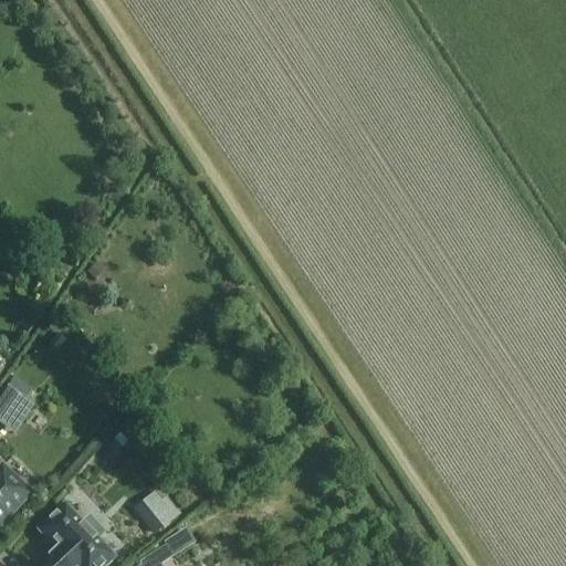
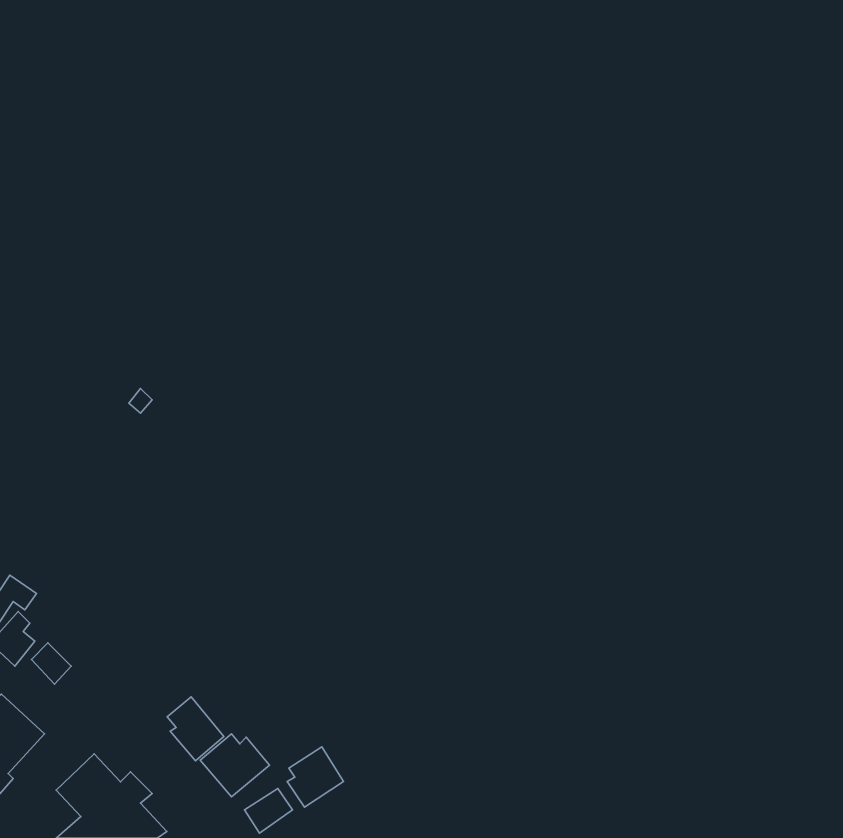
building: none -> [167,697,224,761]
building: none -> [287,747,343,807]

